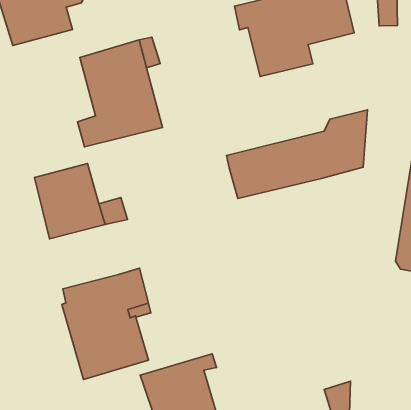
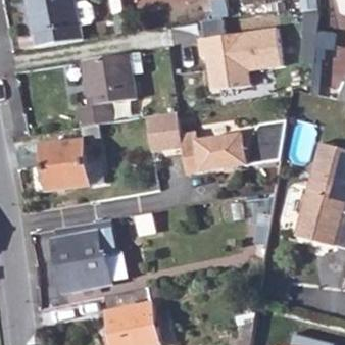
building: none -> [147,111,183,156]

